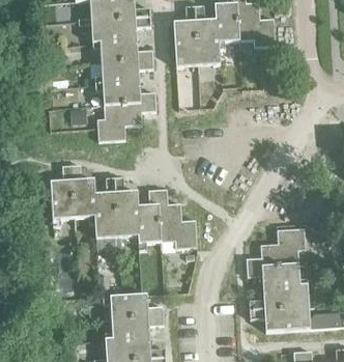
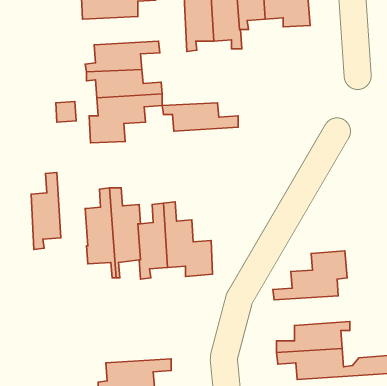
building: [92,39,153,62] -> [162,103,238,131]
building: [71,165,96,224] -> none
building: [247,264,308,288] -> none
building: [103,295,164,318] -> none

